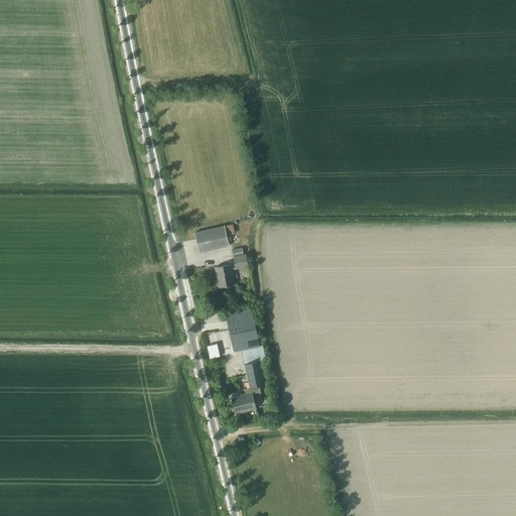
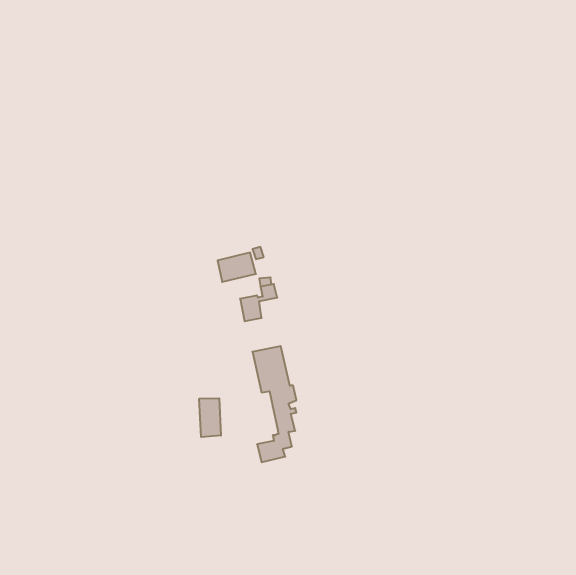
building: none -> [199,398,221,437]

